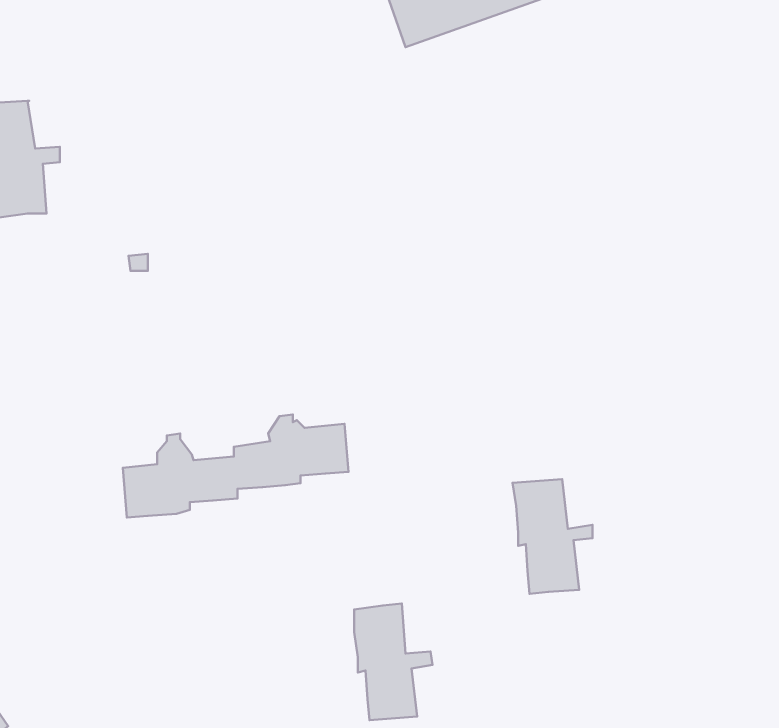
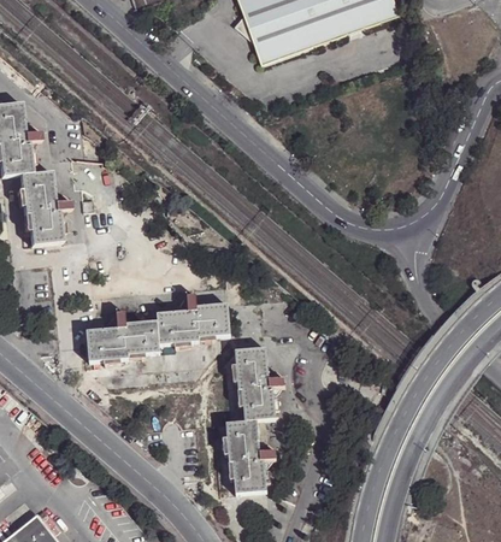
building: none -> [22,167,72,242]
building: [512,479,593,594] -> [235,346,285,418]

